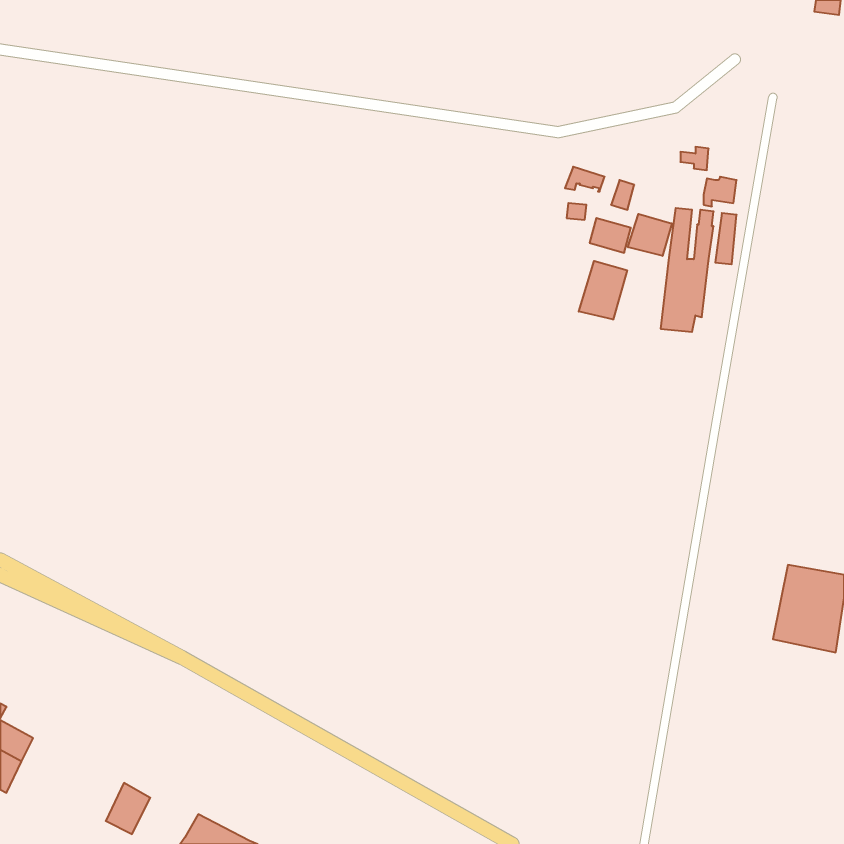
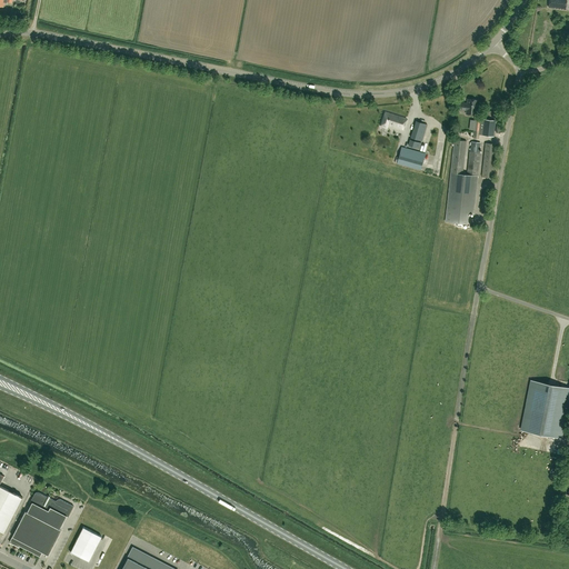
building: [628,214,672,256] -> none
building: [579,261,627,320] -> none
building: none -> [10,492,73,557]

